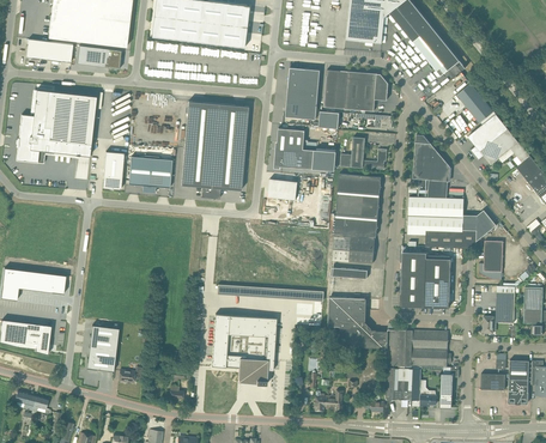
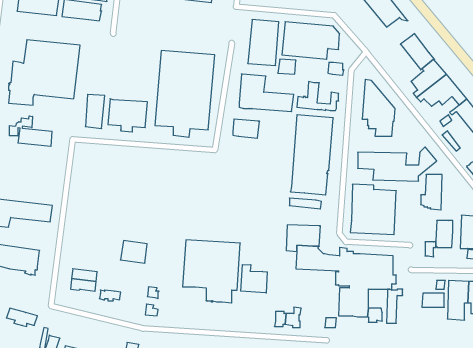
building: none -> [9,116,52,146]
building: [408,196,463,217] -> none
building: [89,324,119,350] -> [120,241,147,263]
building: none -> [241,265,267,293]

